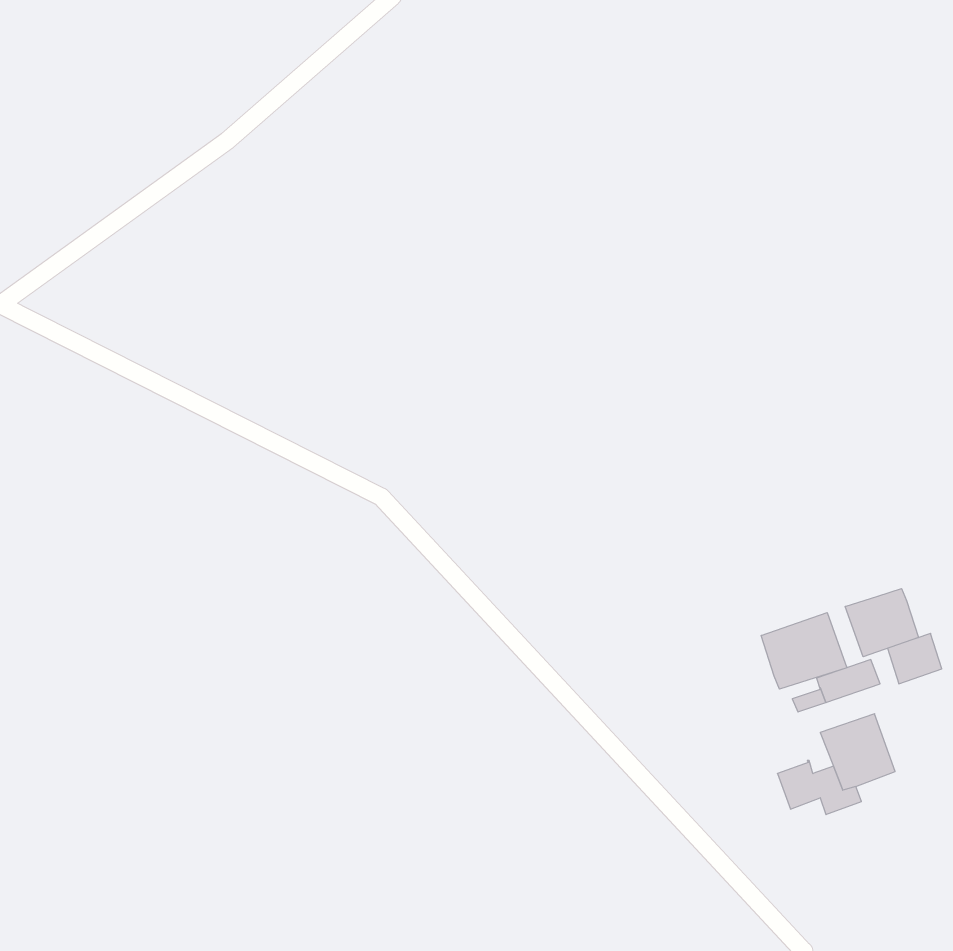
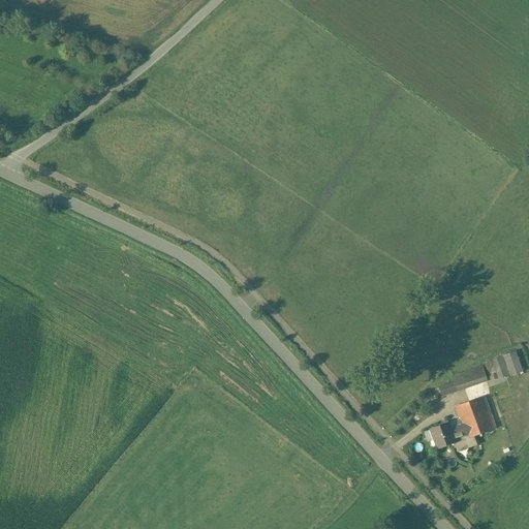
building: [845,589,918,657] -> none
building: [761,613,847,689] -> none

